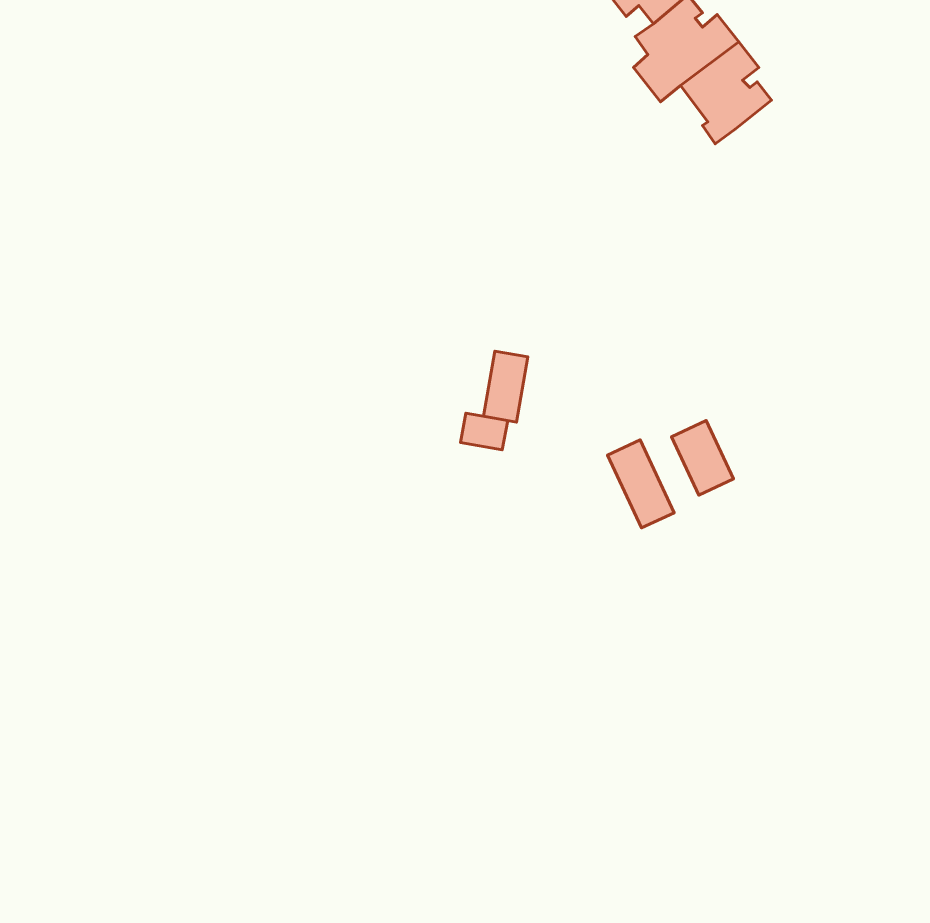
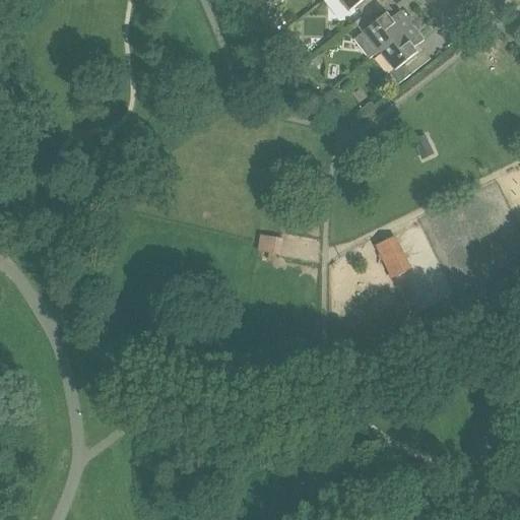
building: [483,351,528,422] -> none
building: [607,440,674,528] -> none

